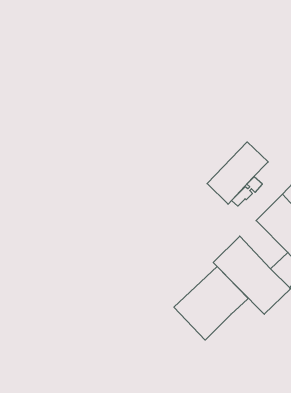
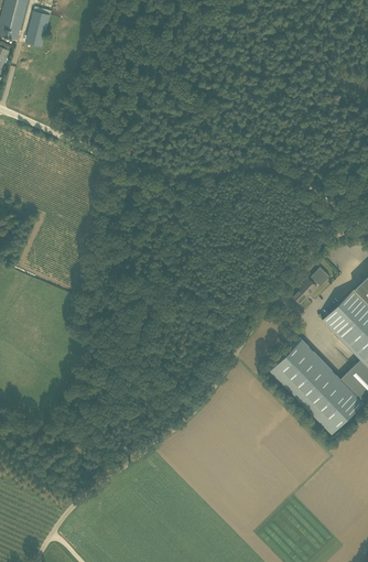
building: [207,142,268,204] -> none
building: [174,266,248,340] -> none

